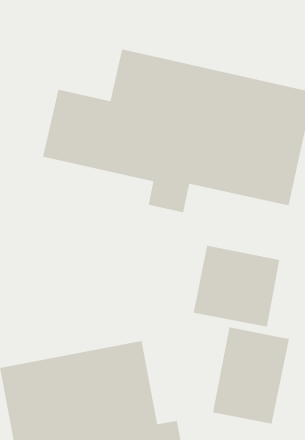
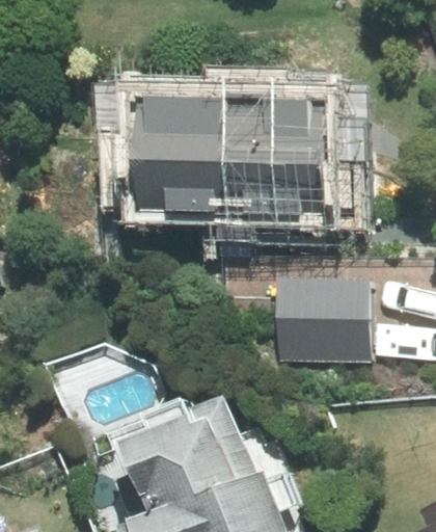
building: [212,326,290,425] -> none

